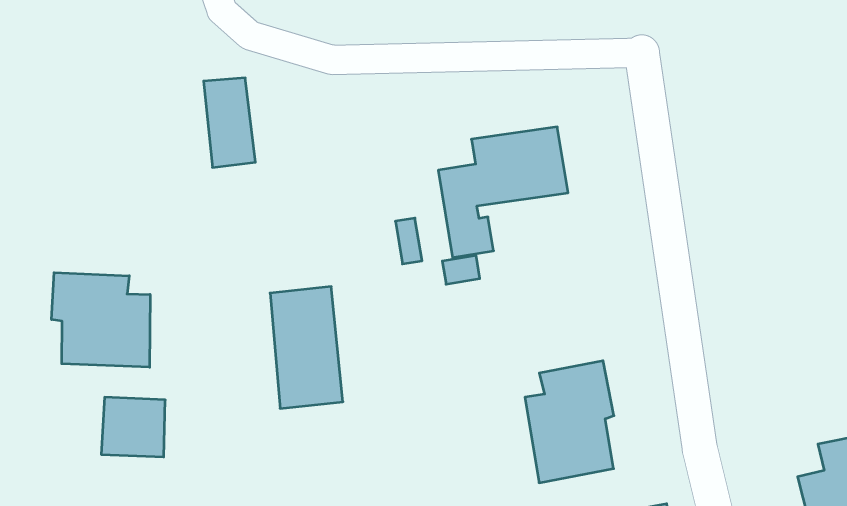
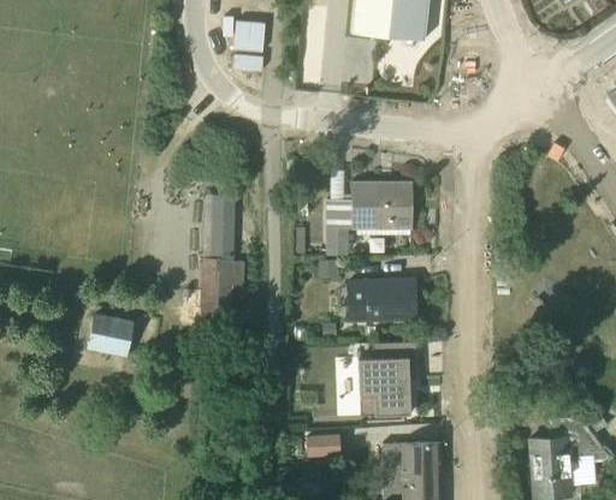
building: [204,78,255,167] -> [203,197,235,256]
building: none -> [349,279,415,320]
building: [52,273,150,367] -> none

